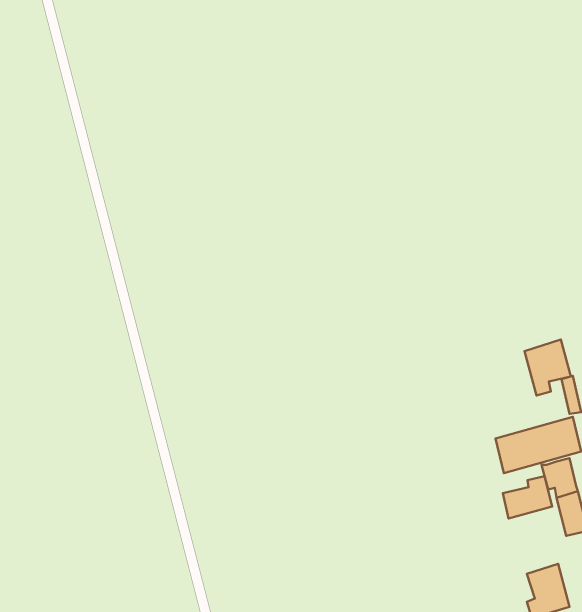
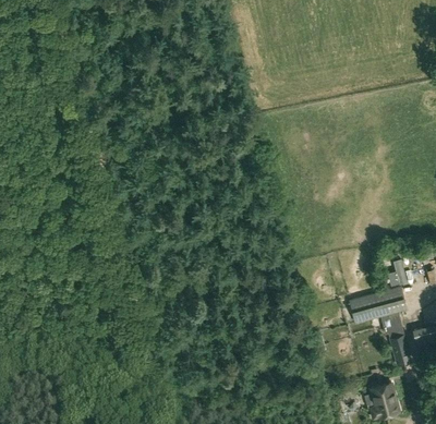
building: [524,340,571,396] -> none
building: [503,476,552,518] -> none

